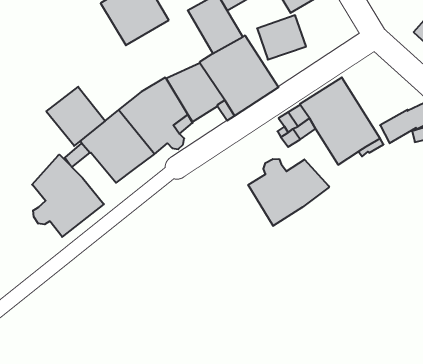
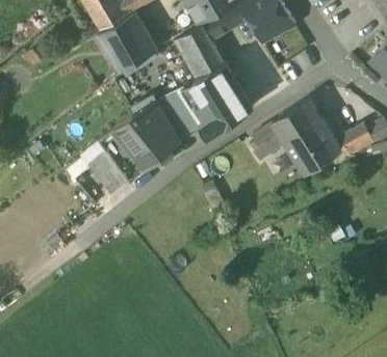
building: [46,87,105,146] -> none
building: [32,155,104,237] -> none
building: [248,159,329,226] -> none

